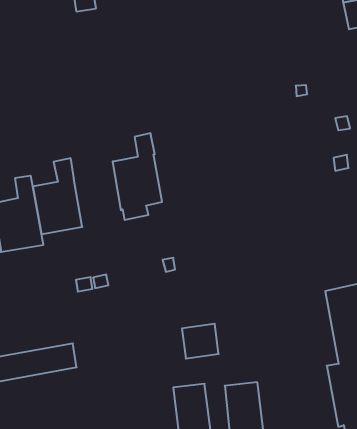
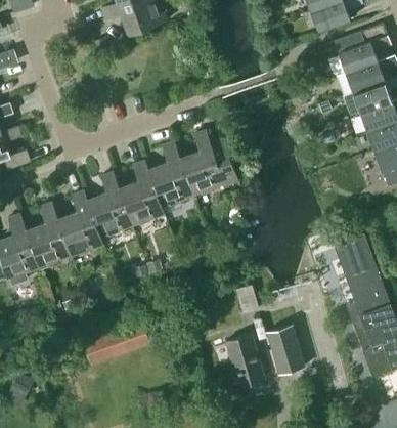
building: none -> [179,130,238,195]
building: none -> [119,161,165,225]

